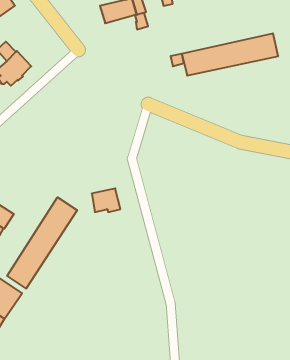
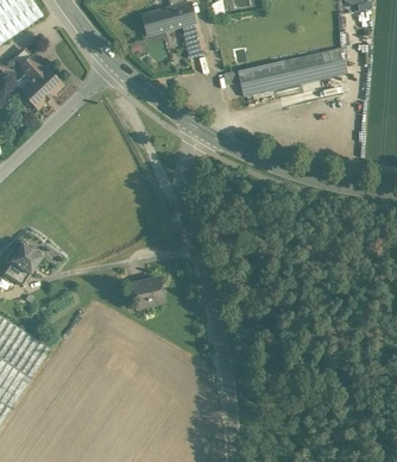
building: [92,188,120,212] -> [131,277,164,305]
building: [7,197,77,289] -> none

